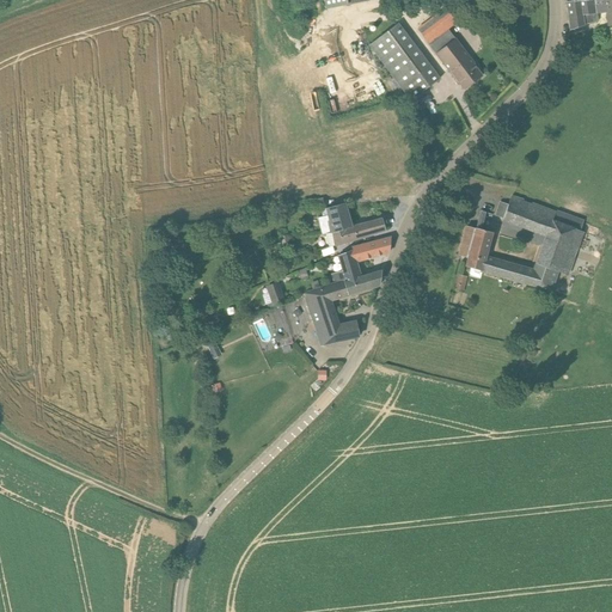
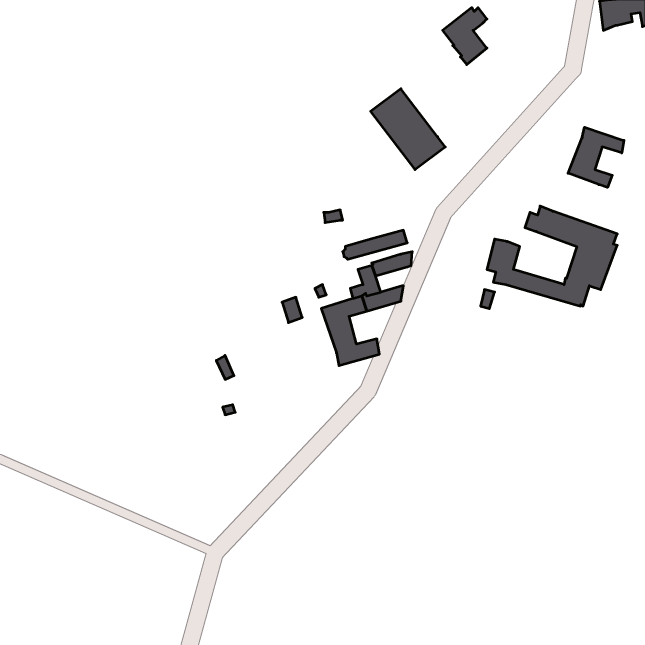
building: [371,23,441,99] -> [371,89,445,170]
building: [442,45,483,88] -> none
building: none -> [568,127,624,187]
building: [319,203,351,234] -> none

